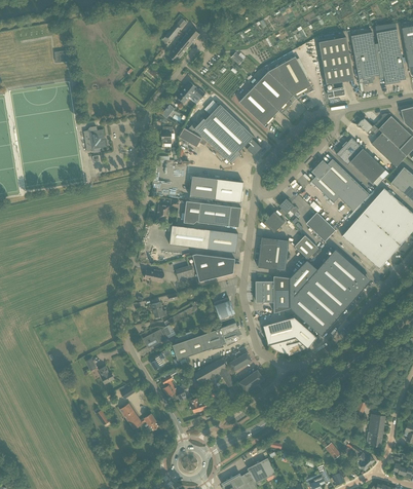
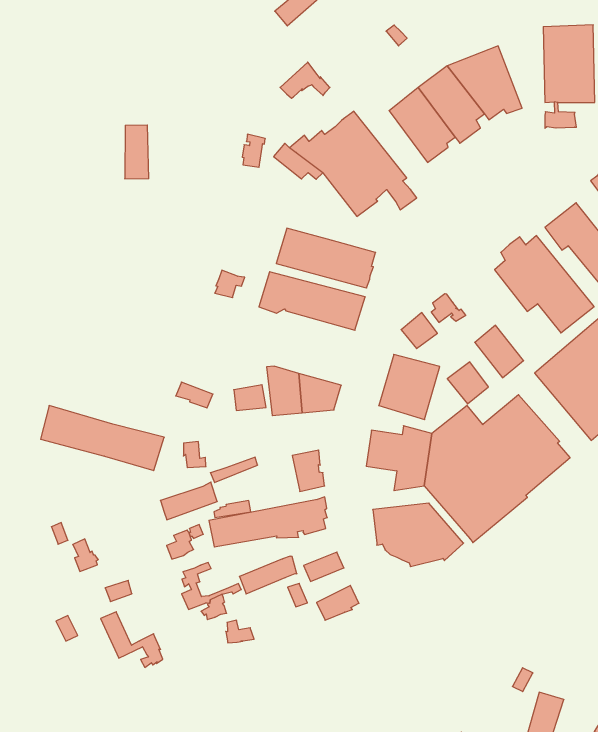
building: [170,225,238,253] -> [41,406,164,471]

